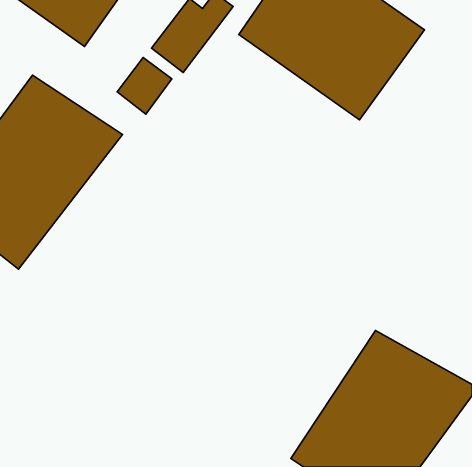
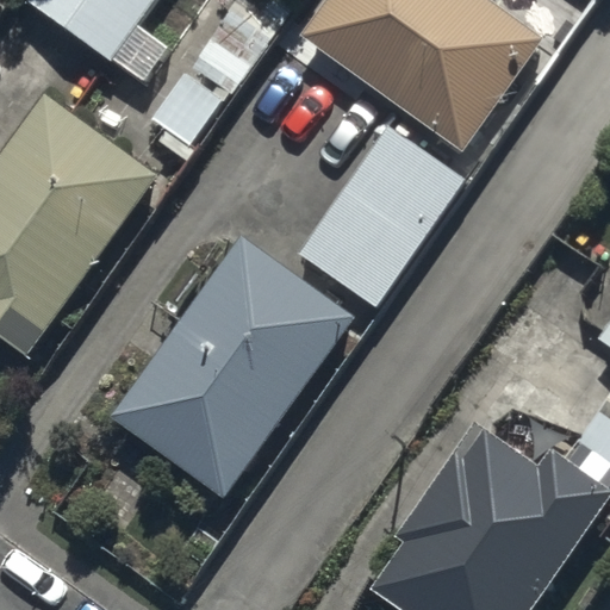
building: none -> [297,130,462,309]
building: none -> [119,239,350,491]

